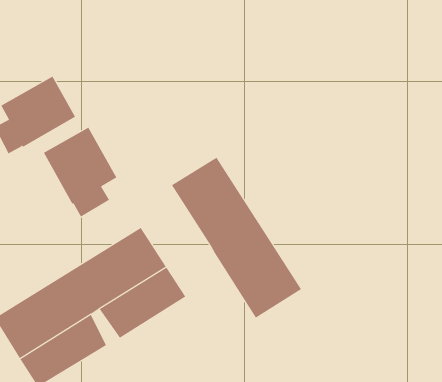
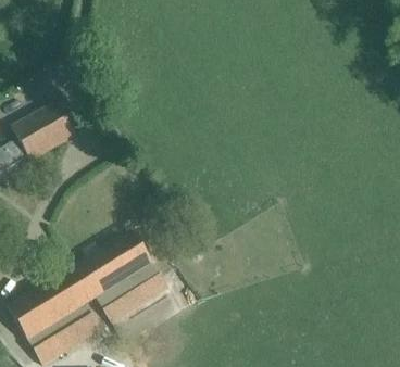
building: [43,127,117,217] -> none
building: [171,157,302,319] -> none

